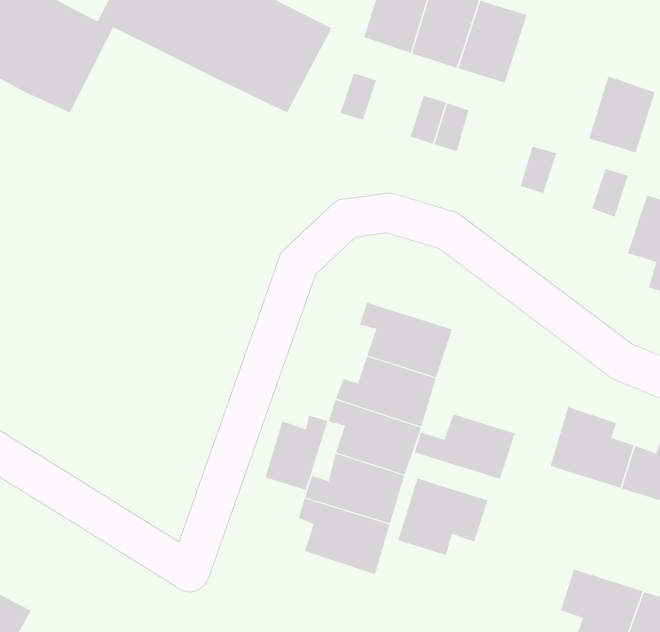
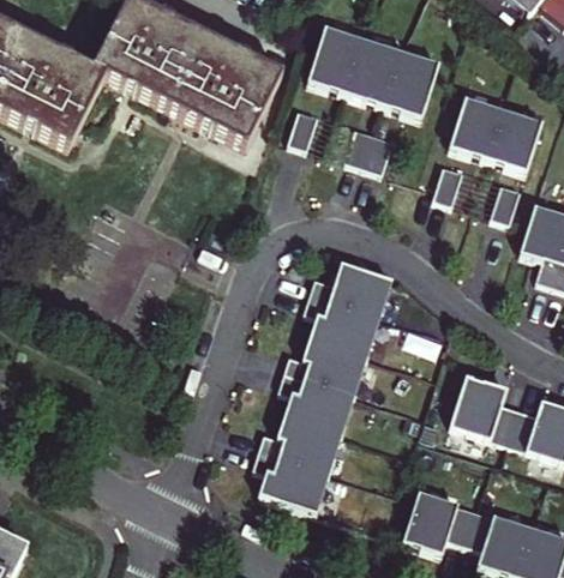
building: none -> [448,101,503,163]
building: [414,414,515,479] -> [308,264,390,317]
building: [265,415,328,491] -> none
building: [397,478,488,555] -> [402,492,475,554]

